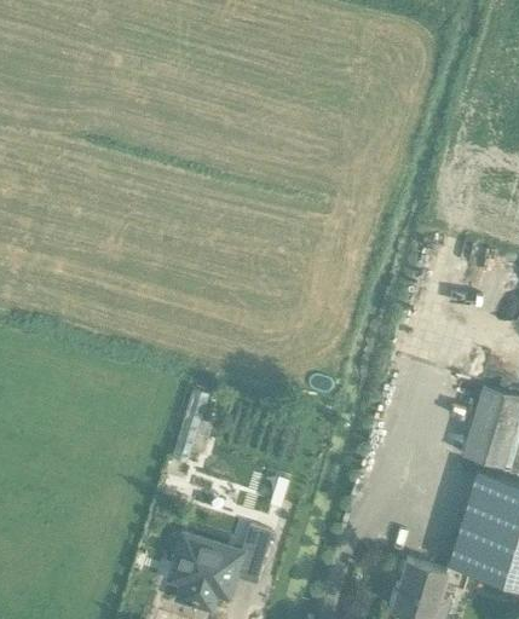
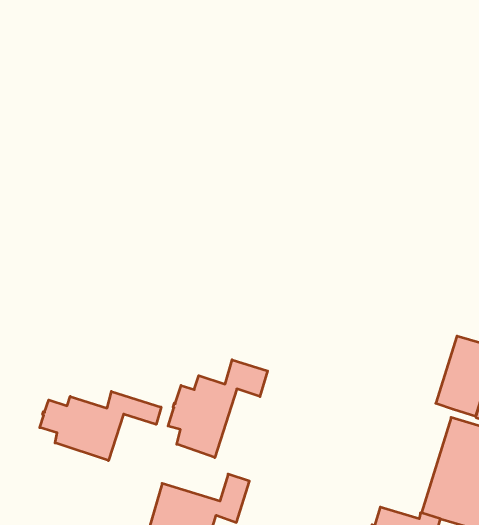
building: none -> [168,360,268,458]
building: none -> [40,391,161,461]

